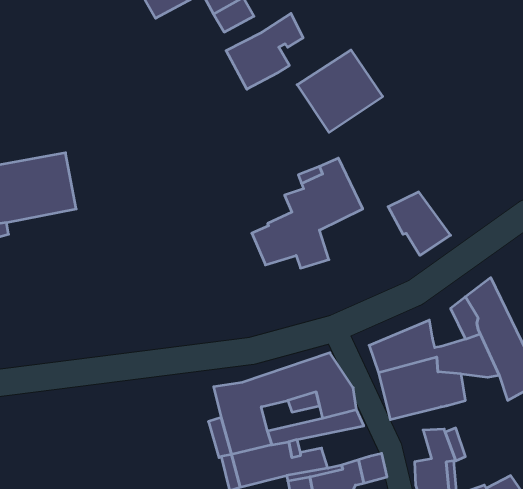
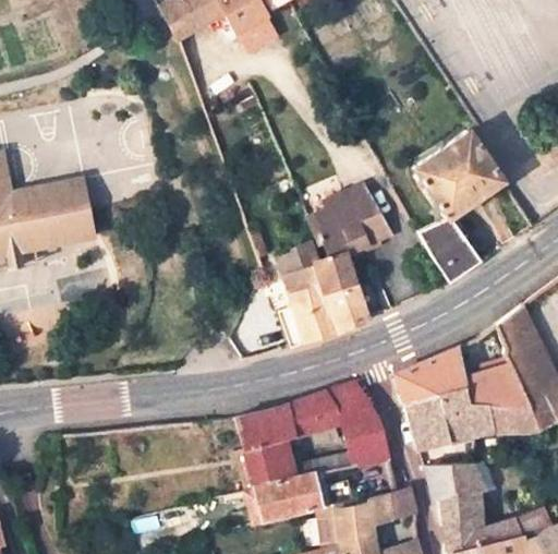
building: [226,13,303,89] -> none
building: [297,50,383,132] -> [415,132,504,217]
building: none -> [279,282,366,347]
building: none -> [492,405,539,432]
building: none -> [424,462,461,497]

